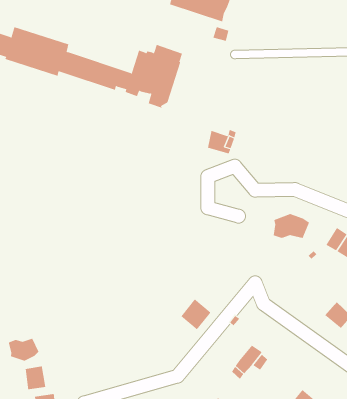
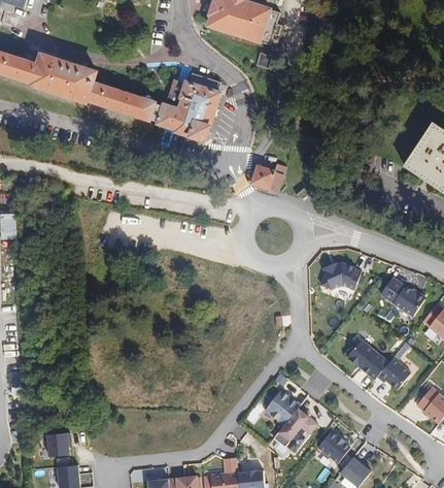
building: none -> [347,335,390,378]
building: [181,299,211,330] -> [265,389,299,424]
building: [8,338,39,362] -> none
building: none -> [317,429,351,462]

